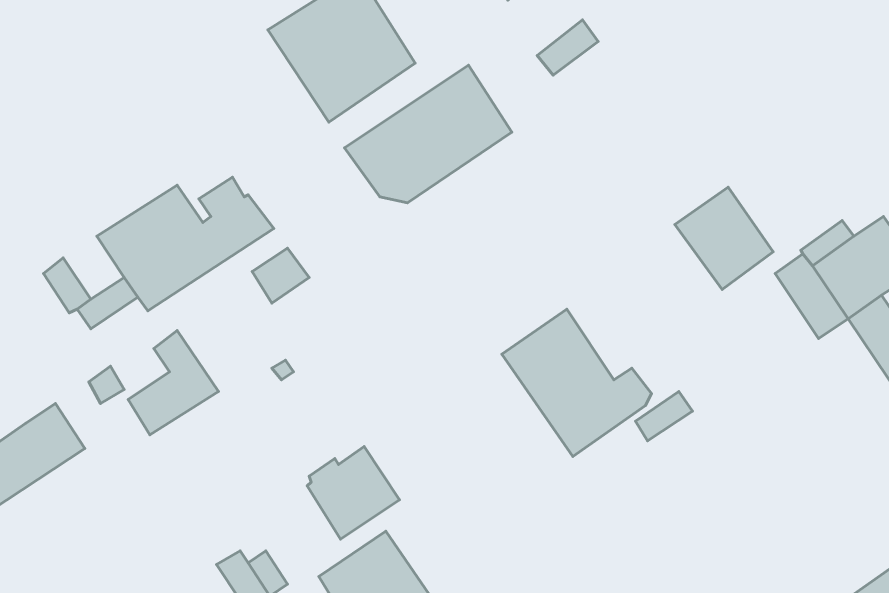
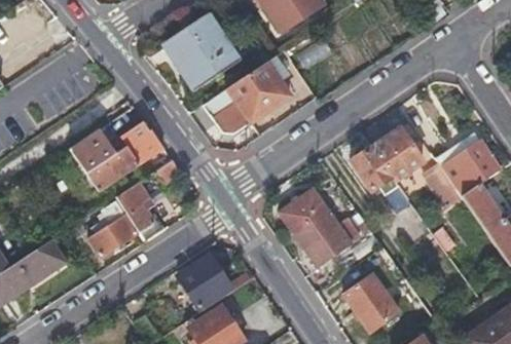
building: none -> [352,145,400,192]
building: none -> [114,180,163,242]
building: none -> [345,272,402,332]

